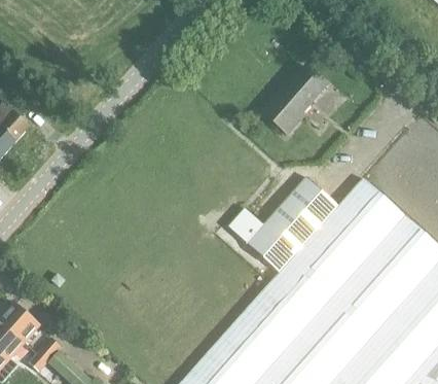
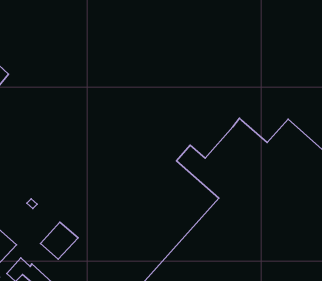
building: [264,66,327,133] -> none
building: none -> [41,222,78,259]

